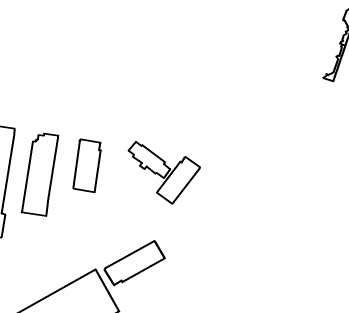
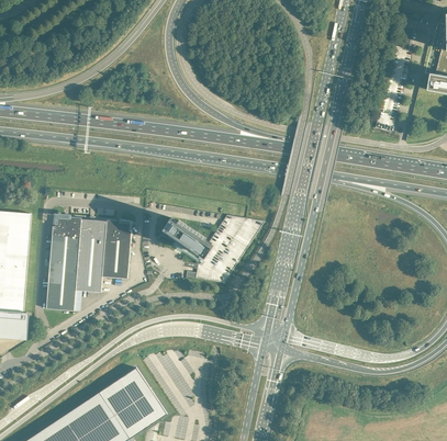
building: none -> [75,218,105,292]
building: [157,157,200,204] -> none
building: [105,241,165,285] -> none

